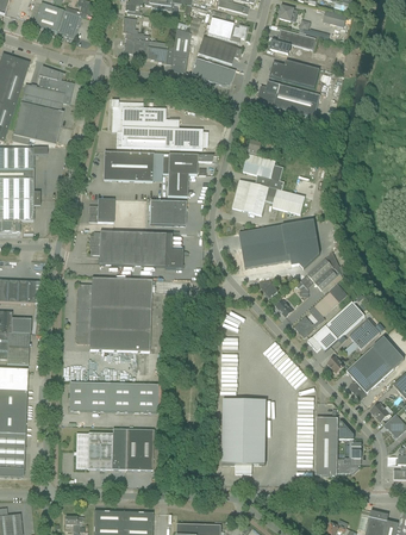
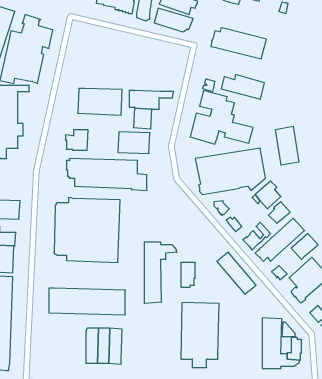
building: [269,58,319,87] -> [221,75,264,99]
building: [111,99,202,149] -> none
building: none -> [275,126,299,165]
building: none -> [145,242,177,303]
building: [75,431,112,468] -> none

